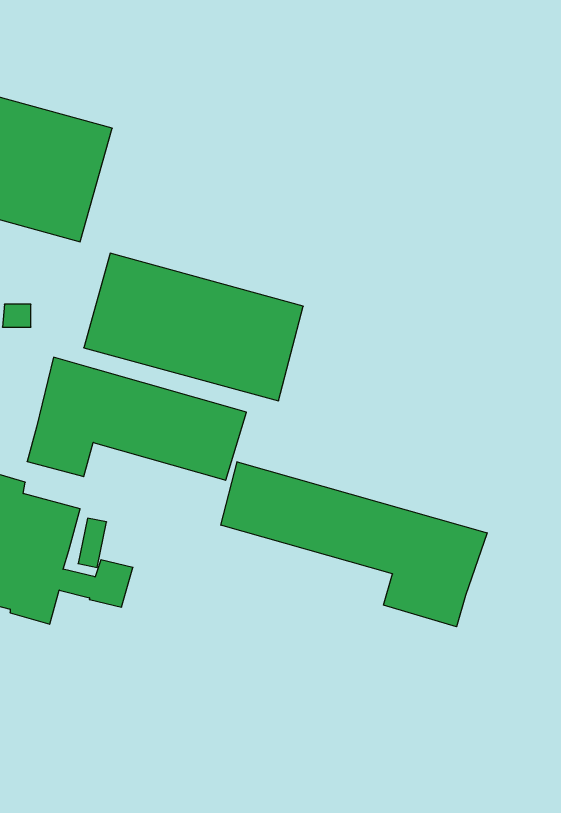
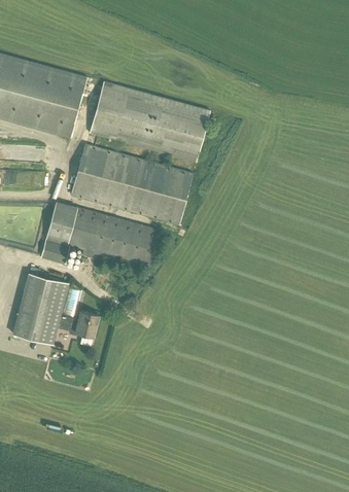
building: none -> [90,81,210,162]
building: [221,462,487,627] -> none

